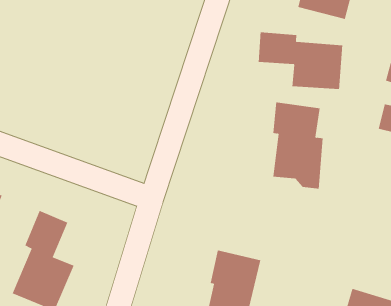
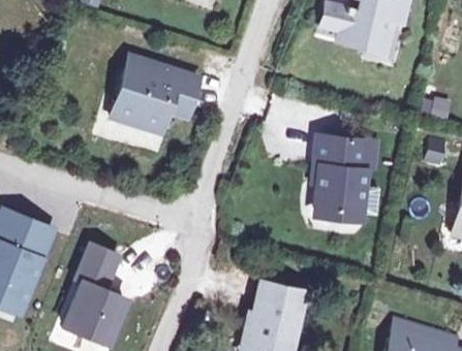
building: none -> [110,54,198,133]
building: [258,31,343,90] -> none

